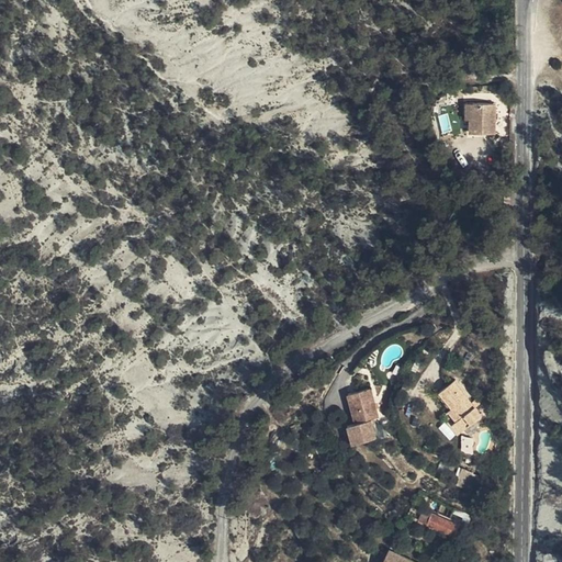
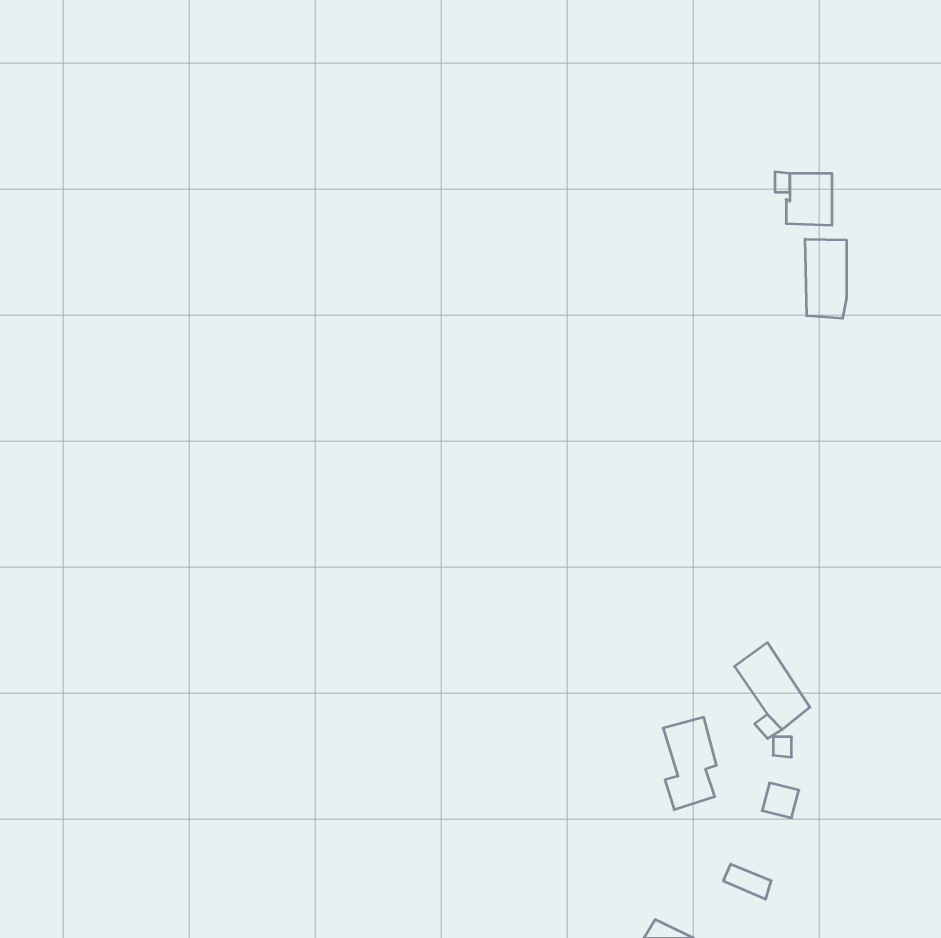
building: none -> [805,239,846,318]
building: [345,391,376,446] -> [663,717,717,810]

